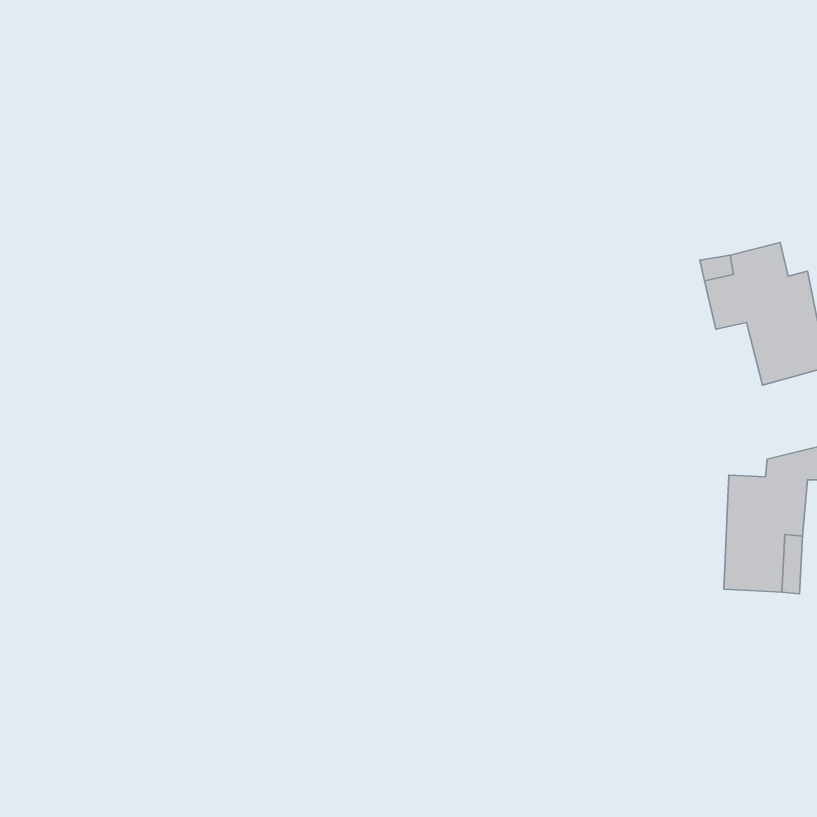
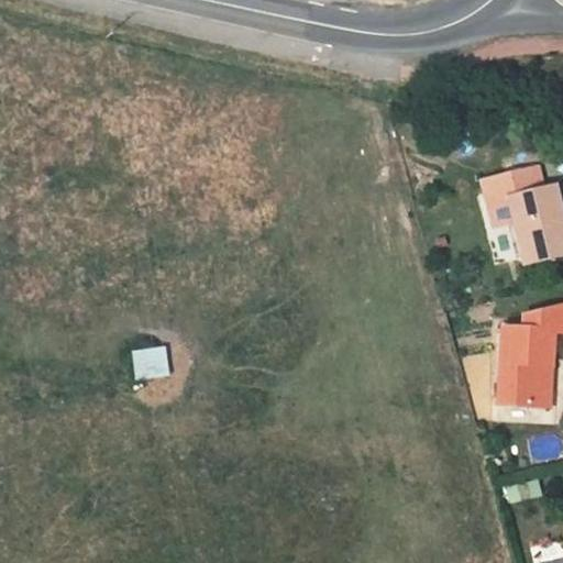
building: none -> [133,347,167,377]

